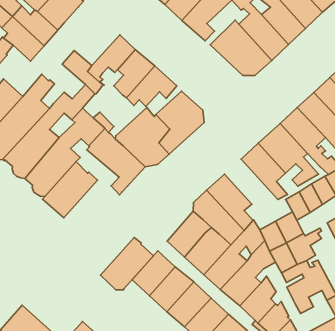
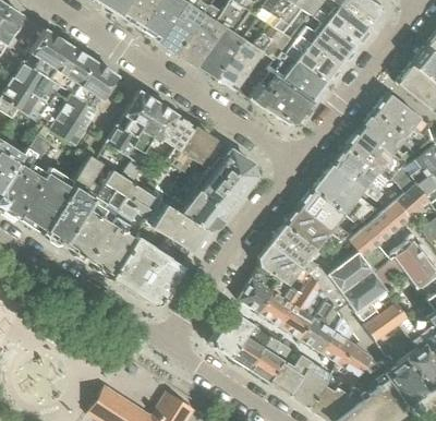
building: none -> [118,89,160,137]
building: none -> [286,206,342,249]
building: [101,237,153,290] -> [134,250,183,304]

